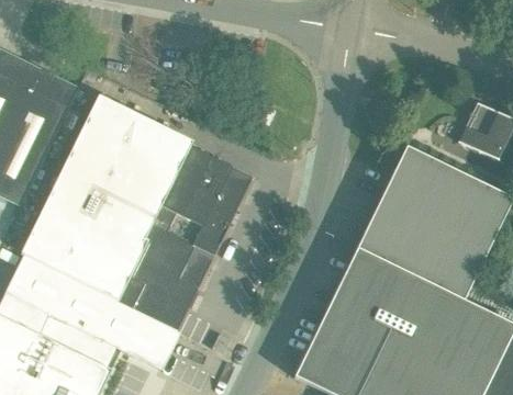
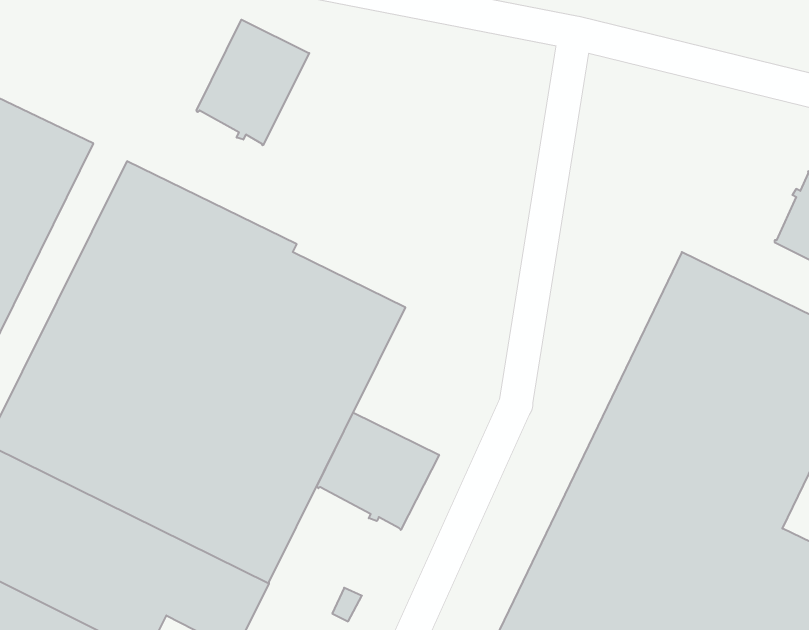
building: none -> [197,20,309,145]
building: none -> [317,412,439,530]

